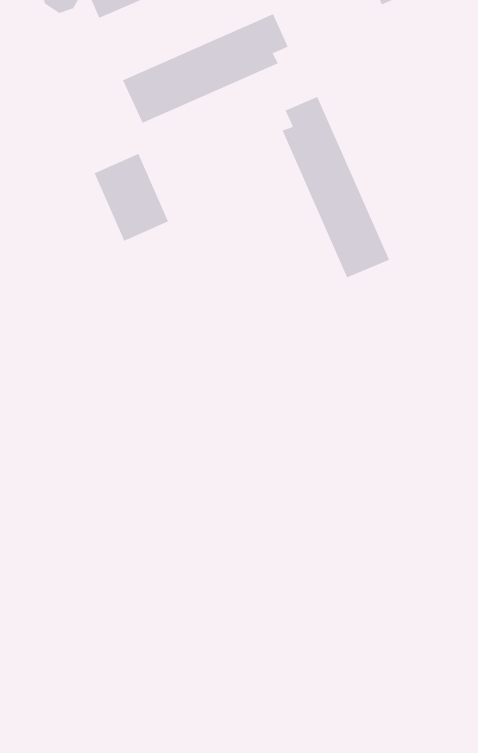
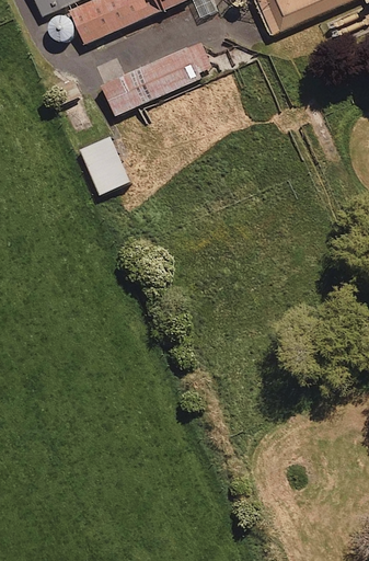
building: [282,96,390,278] -> none

